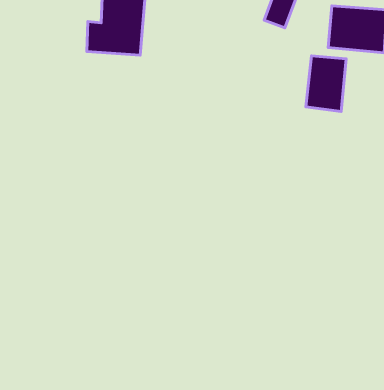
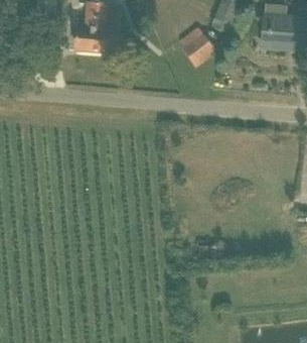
building: none -> [179,27,214,66]
building: [306,56,346,111] -> none

